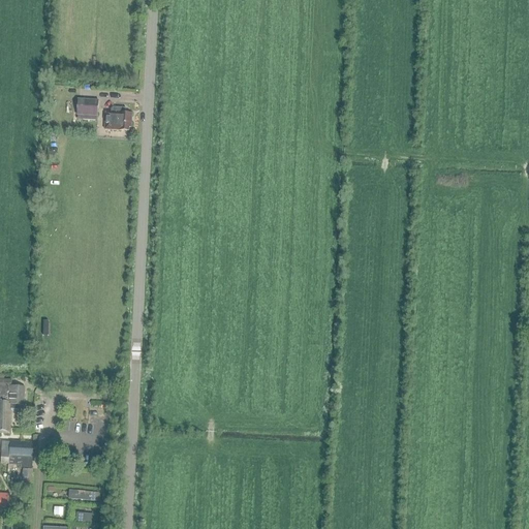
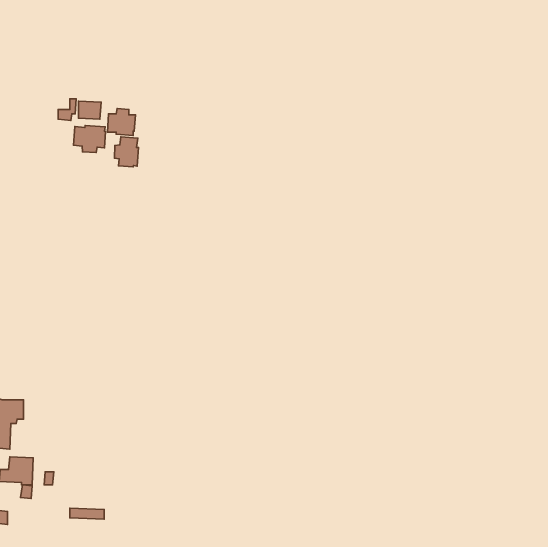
building: none -> [73,125,106,153]
building: none -> [114,137,139,167]

